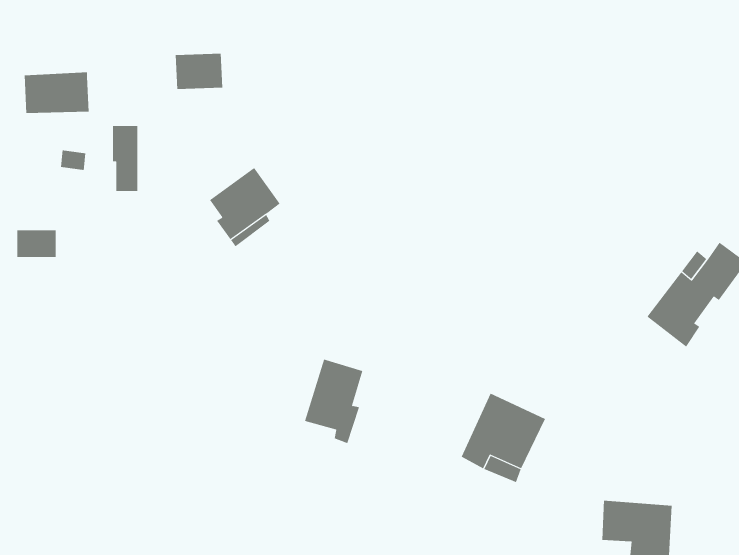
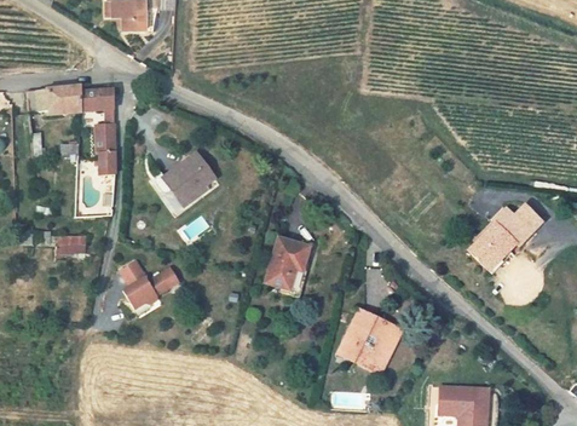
building: [175,53,223,90] -> [80,88,114,114]
building: [16,230,56,257] -> [58,234,86,253]
building: none -> [119,260,178,309]
building: [304,359,363,444] -> [266,237,307,297]

